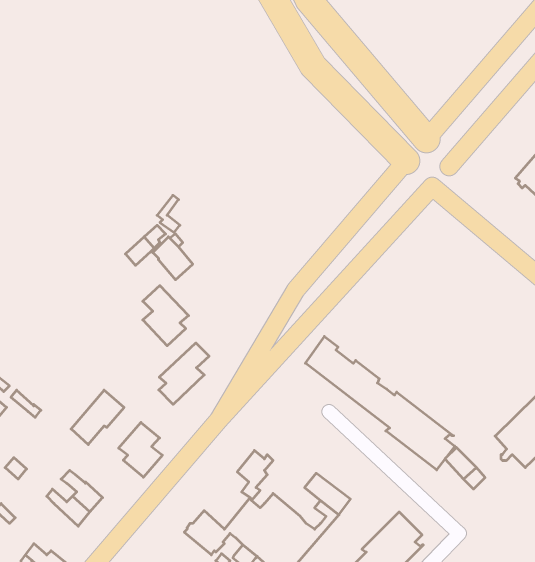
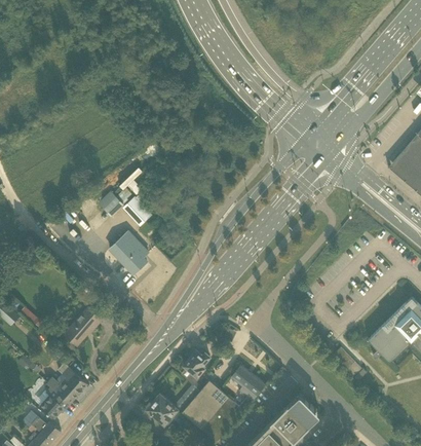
building: [305,336,455,470] -> none
building: [159,343,209,404] -> none
building: [119,422,162,477] -> none
building: none -> [41,388,70,419]

